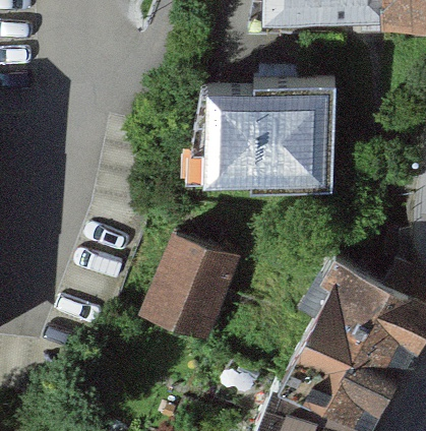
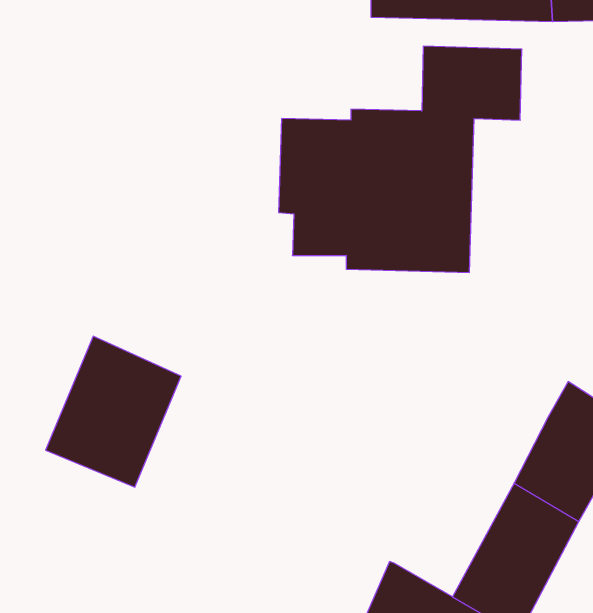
building: [145,239,235,338] -> [46,336,181,487]
building: [283,258,384,407] -> none

